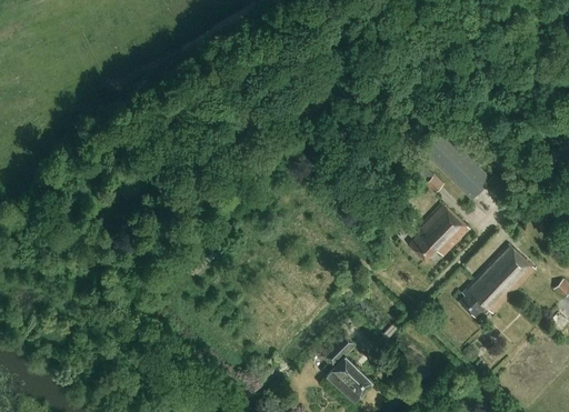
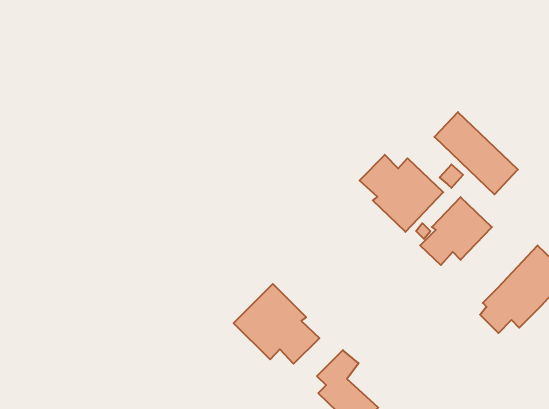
building: none -> [360,155,443,232]
building: none -> [234,284,319,364]

